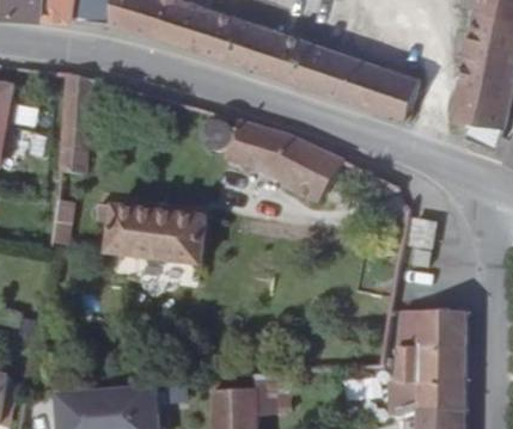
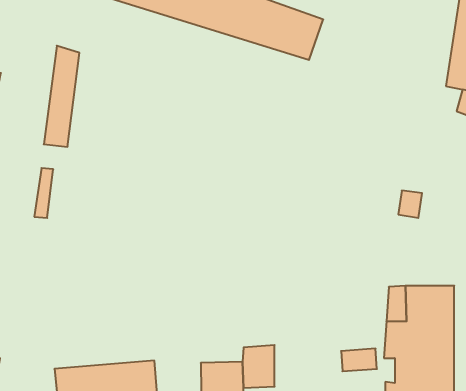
building: [318,48,404,114] -> none
building: [199,111,343,195] -> none
building: [114,209,227,270] -> none

